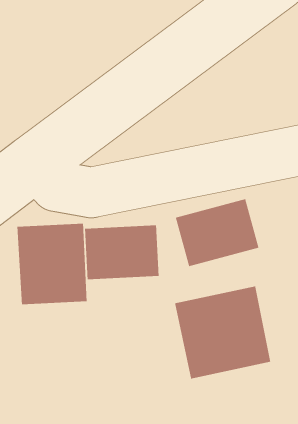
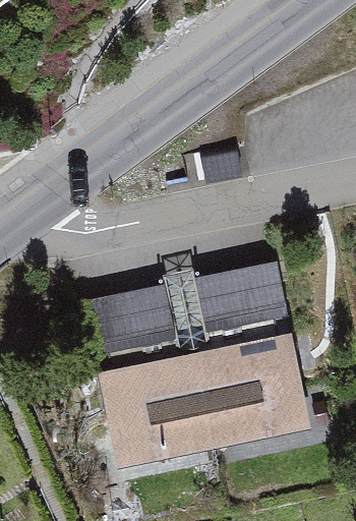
building: [17,223,88,305] -> none
building: none -> [104,362,214,467]

